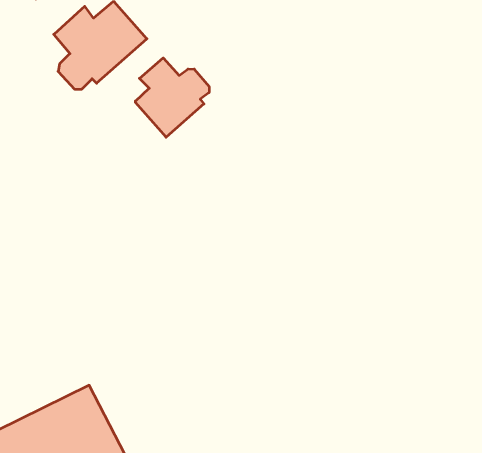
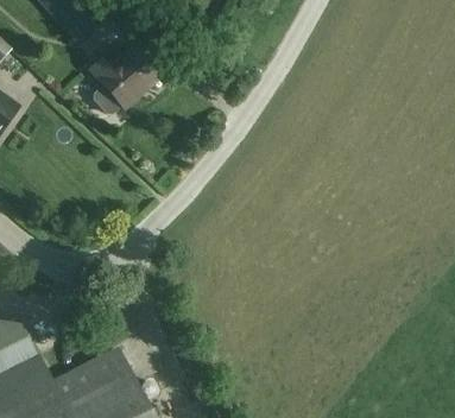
building: [135,58,209,137] -> none

